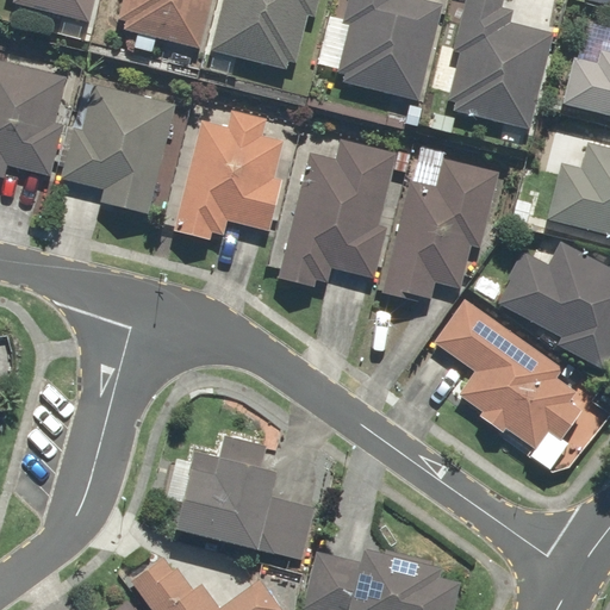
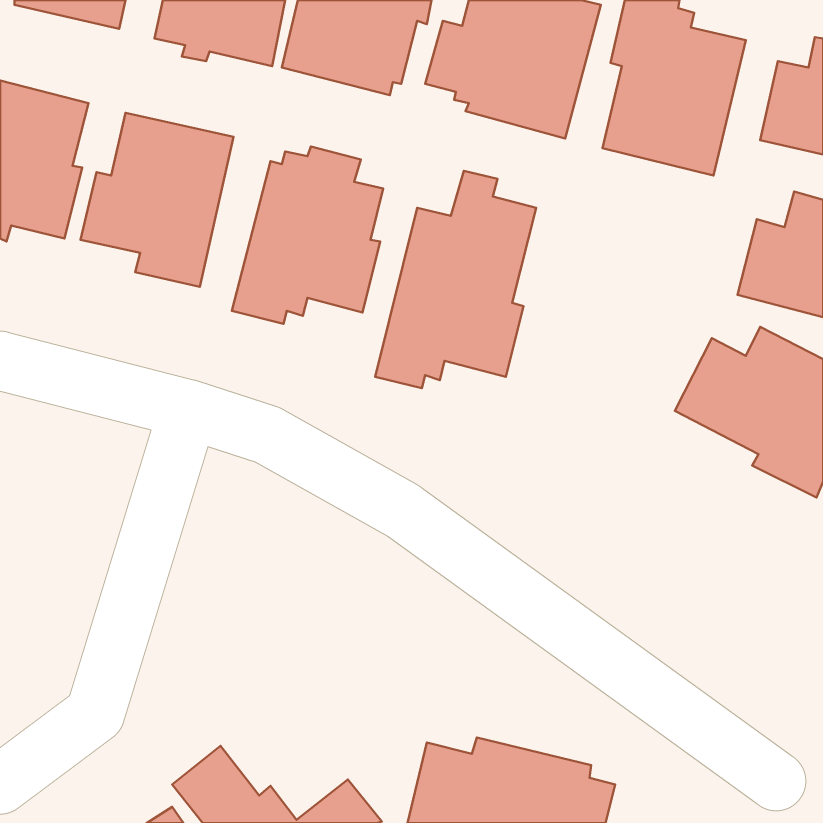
building: [381,144,500,297] -> none
building: [434,300,581,449] -> none
building: [174,434,313,559] -> none

